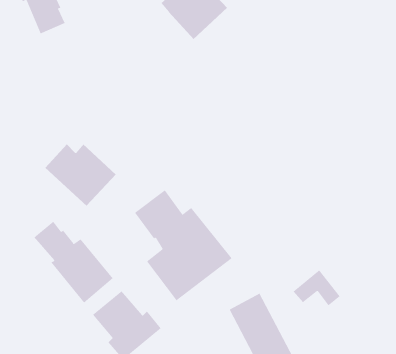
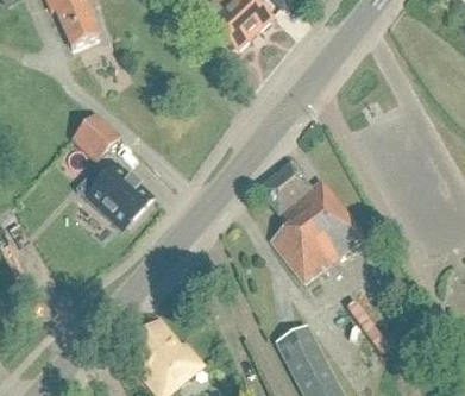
building: none -> [73,113,119,161]
building: [134,190,232,301] -> [258,161,364,281]
building: [34,221,114,304] -> none

